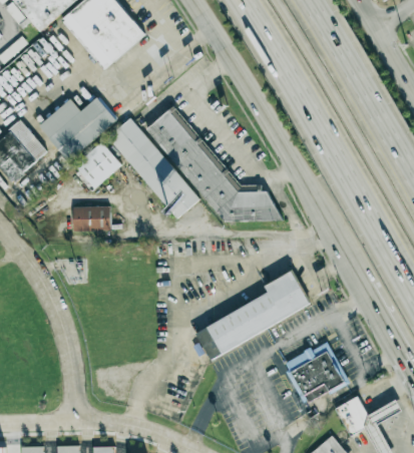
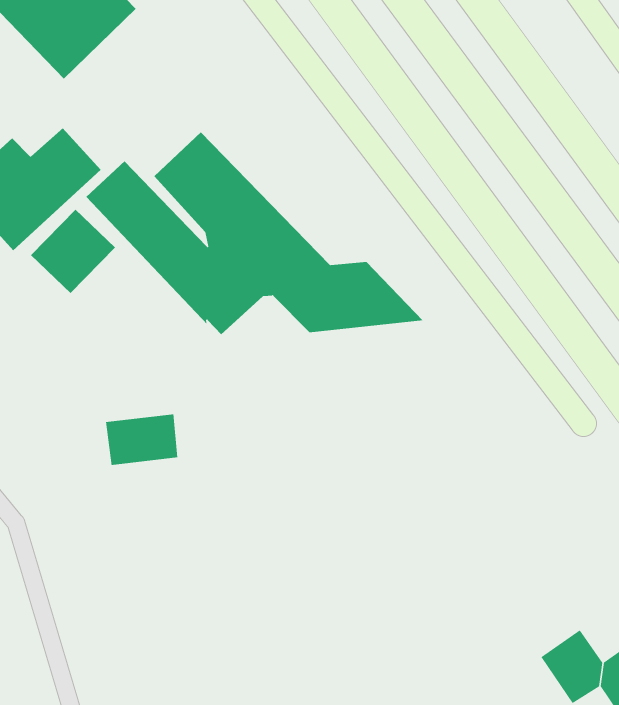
building: [72,205,110,231] -> [105,414,178,465]
building: [194,271,311,359] -> none
building: [283,341,348,405] -> none

